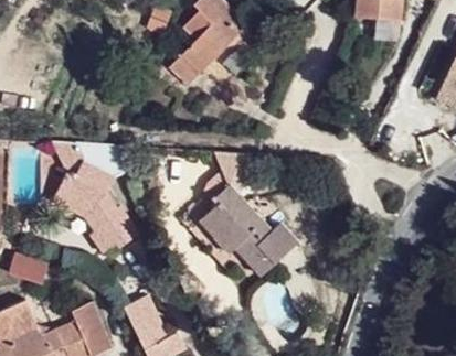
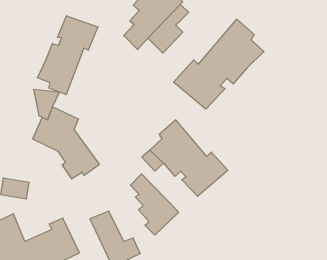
building: none -> [37,16,98,95]
building: none -> [174,19,264,109]
building: none -> [130,174,179,235]

